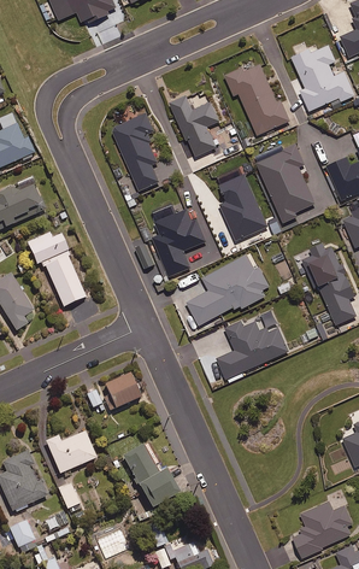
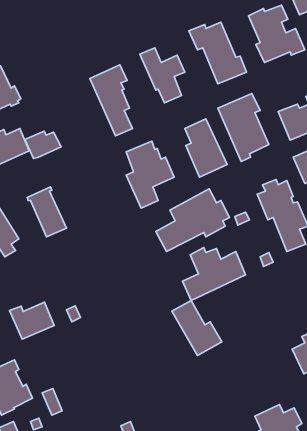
building: [27,234,67,265] -> [25,131,61,159]
building: [98,369,141,409] -> none
building: [45,428,95,470] -> [9,302,54,339]
building: [122,441,178,504] -> [172,300,222,356]

